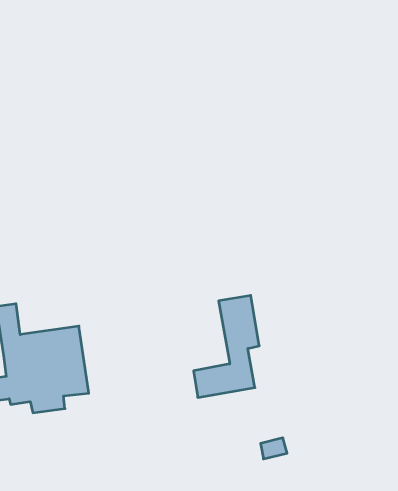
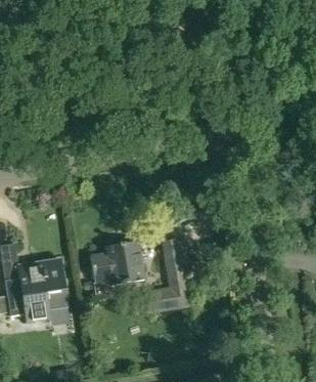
building: none -> [90,242,143,285]

